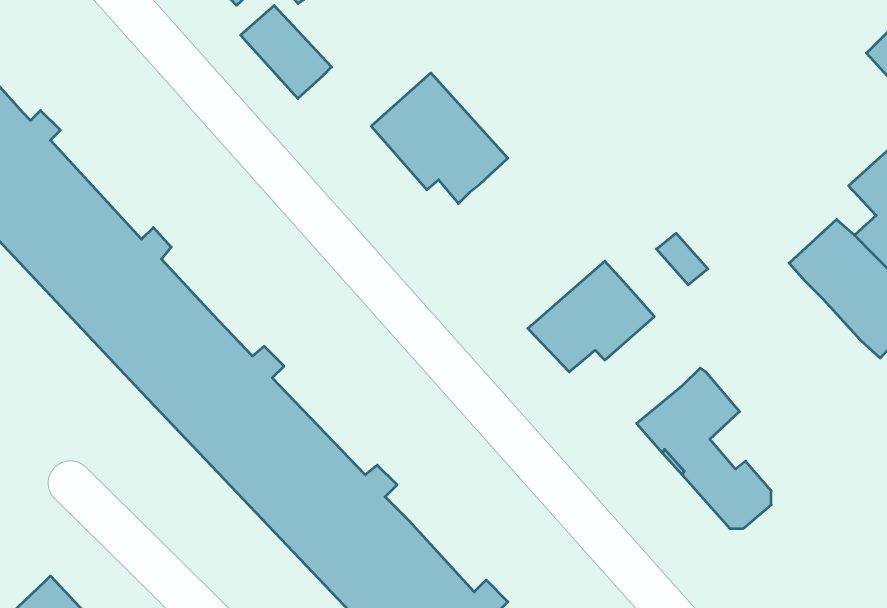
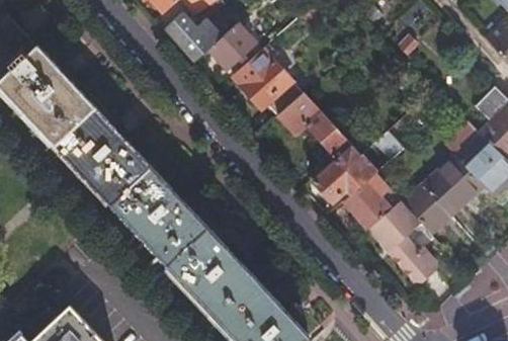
building: none -> [208,23,256,69]
building: none -> [277,91,352,159]
building: none -> [404,155,483,233]
building: none -> [344,173,392,228]

